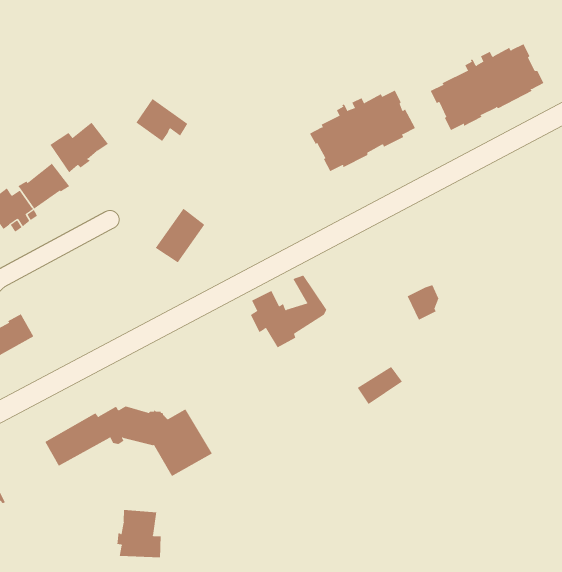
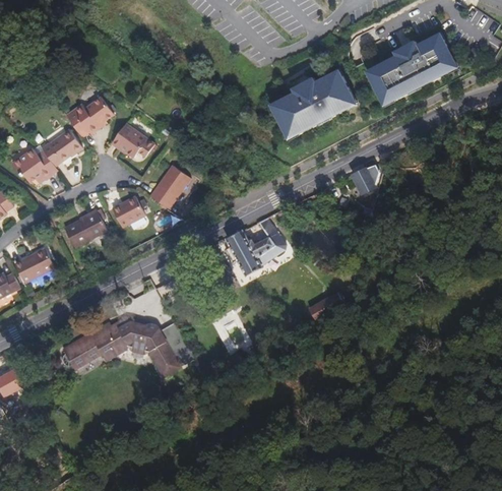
building: [136,98,188,142] -> [112,123,153,158]
building: none -> [112,196,144,227]
building: none -> [64,209,107,247]
building: [407,284,439,320] -> [352,165,377,193]
building: [117,509,161,558] -> none

